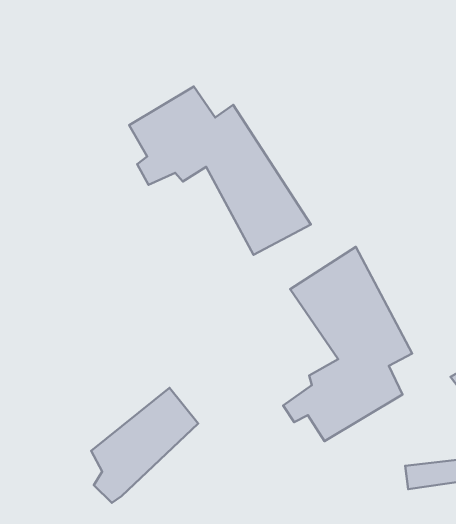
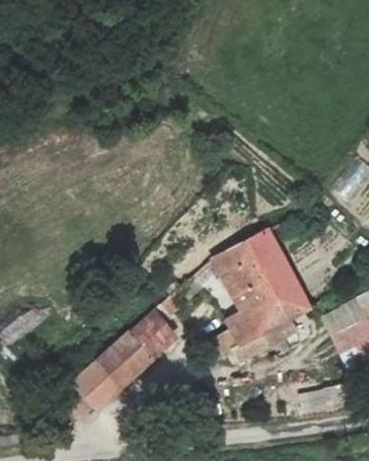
building: [129,87,311,255] -> none
building: none -> [128,309,178,358]

